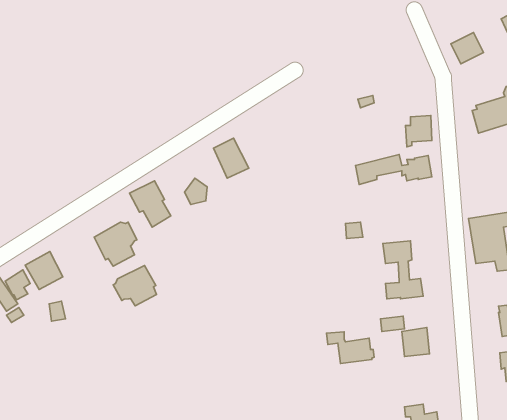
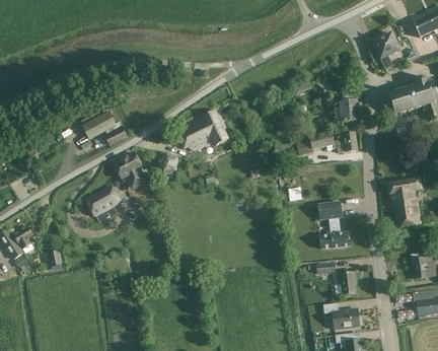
building: none -> [81,111,128,145]
building: none -> [198,111,228,145]
building: [25,252,63,289] -> none
building: [113,266,156,306] -> none
building: [327,332,374,363] -> [323,304,362,330]

